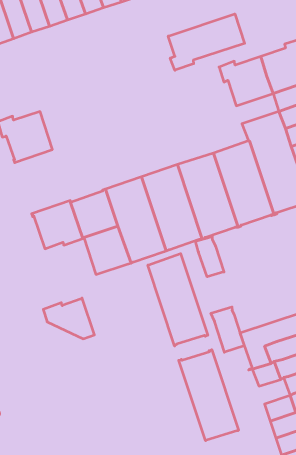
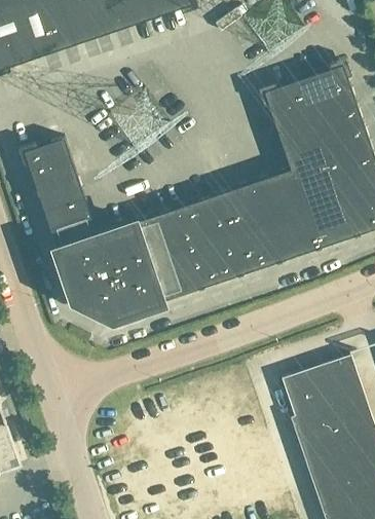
building: [168,14,245,70] -> none
building: none -> [276,117,323,150]
building: none -> [36,178,97,248]
building: [195,236,224,277] -> none
building: [148,254,208,346] -> none
building: [43,298,94,339] -> [69,273,124,318]
building: [211,307,244,352] -> none
building: [179,350,239,441] -> none
building: none -> [301,425,335,454]

